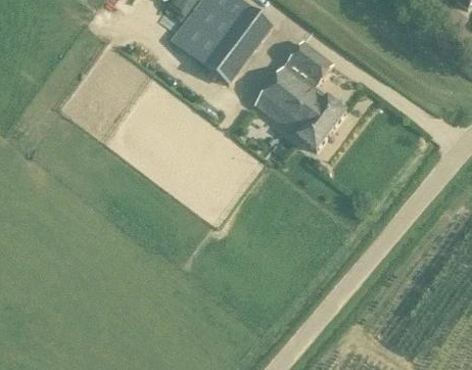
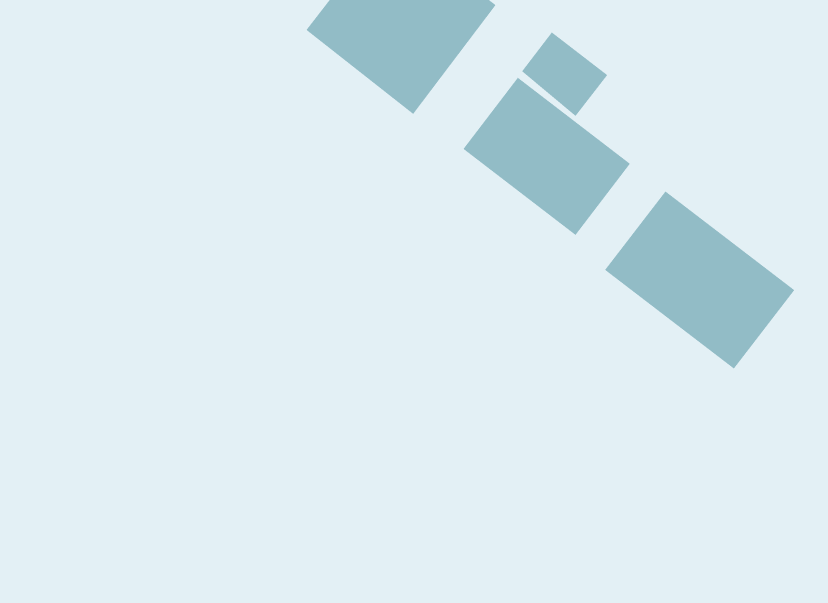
building: none -> [604,191,795,370]

